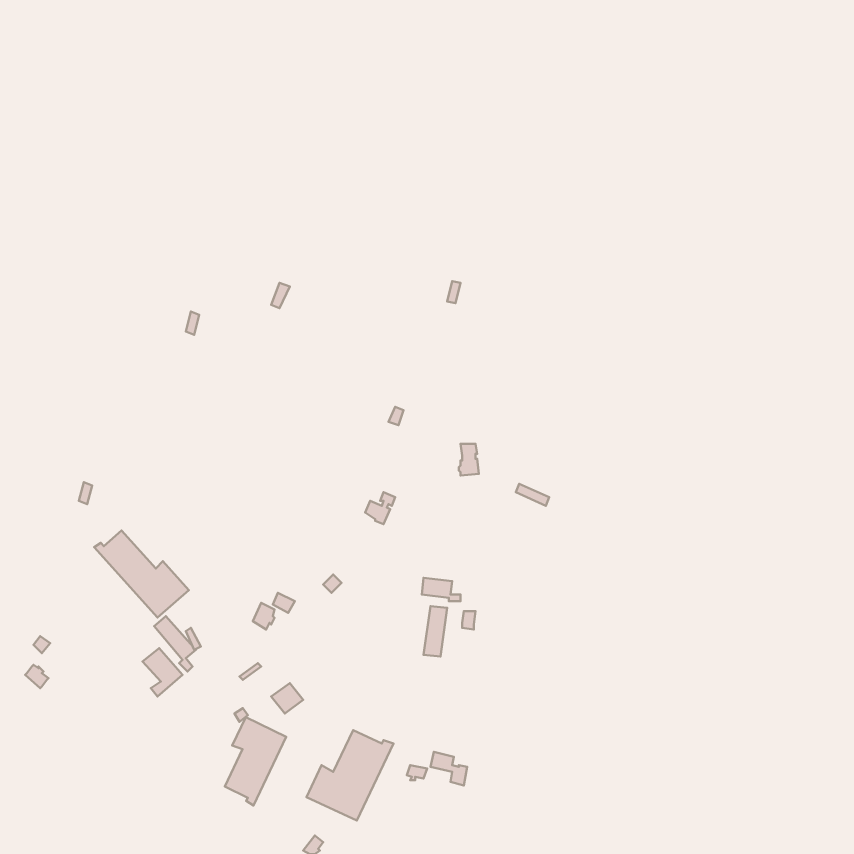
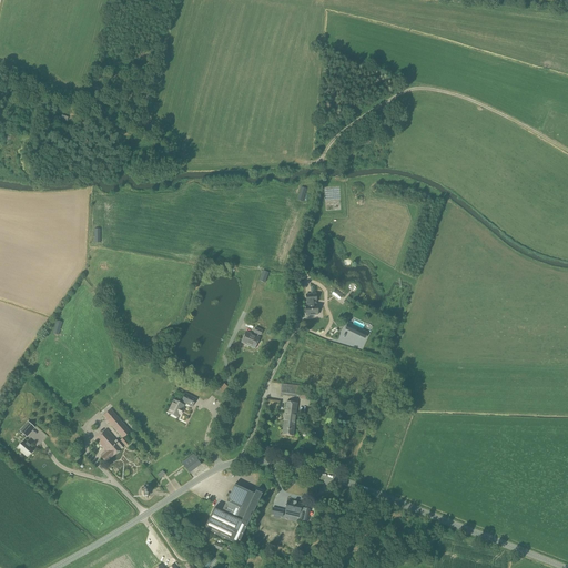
building: [94,530,189,618] -> none
building: [225,717,286,806] -> none

